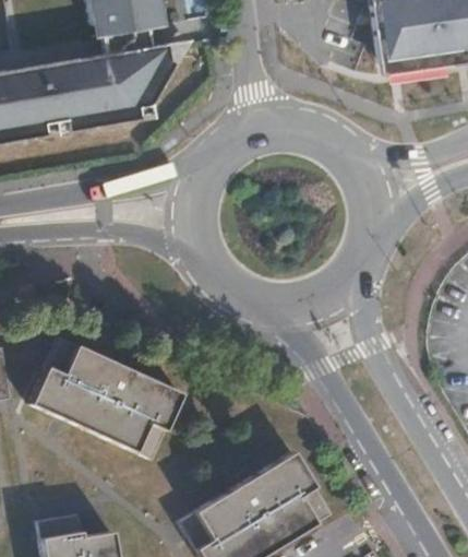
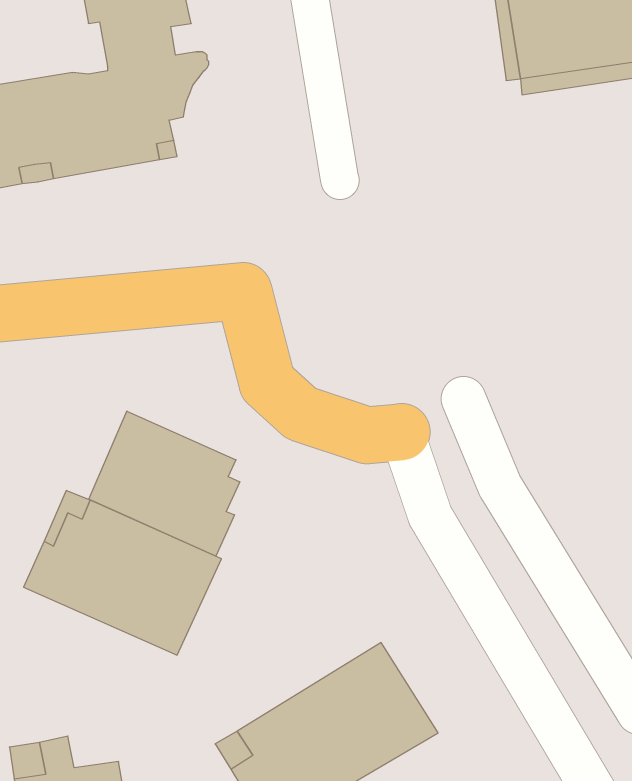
building: none -> [89,411,240,556]

